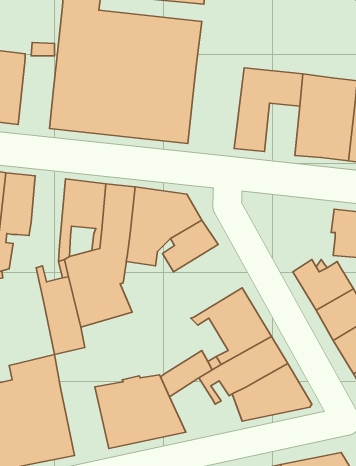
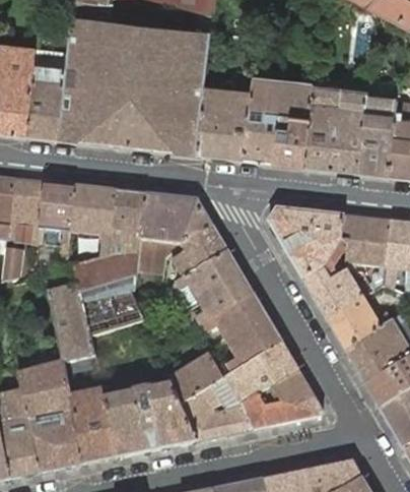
building: none -> [28,65,67,135]
building: none -> [199,67,254,156]
building: none -> [276,110,312,163]
building: none -> [42,183,76,253]
building: none -> [270,208,346,280]
building: none -> [173,252,254,326]
building: none -> [181,386,254,441]
building: none -> [71,390,120,465]

